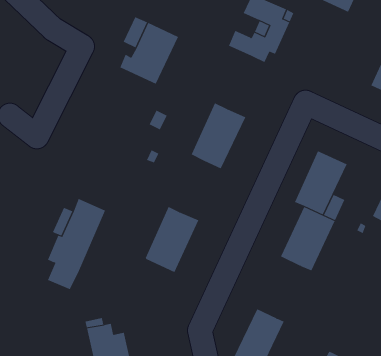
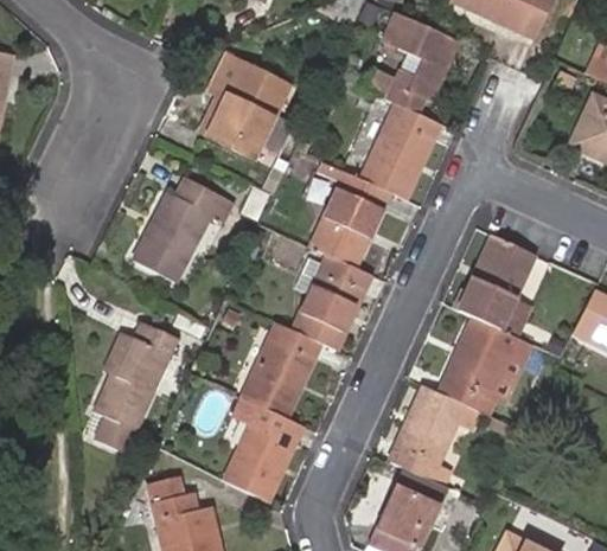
building: none -> [360,104,440,200]
building: none -> [135,168,236,274]
building: none -> [290,257,369,352]
building: none -> [388,391,467,487]
building: none -> [223,401,300,501]

